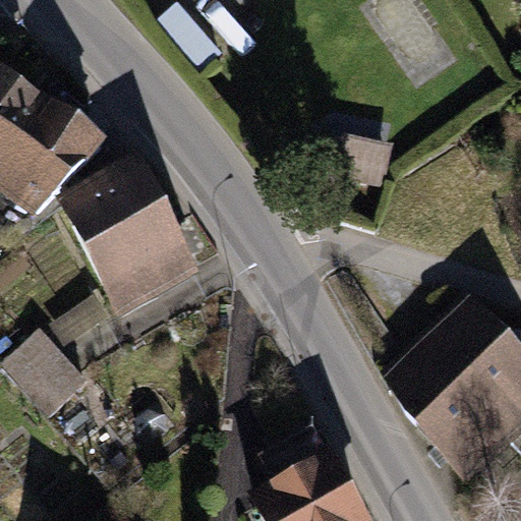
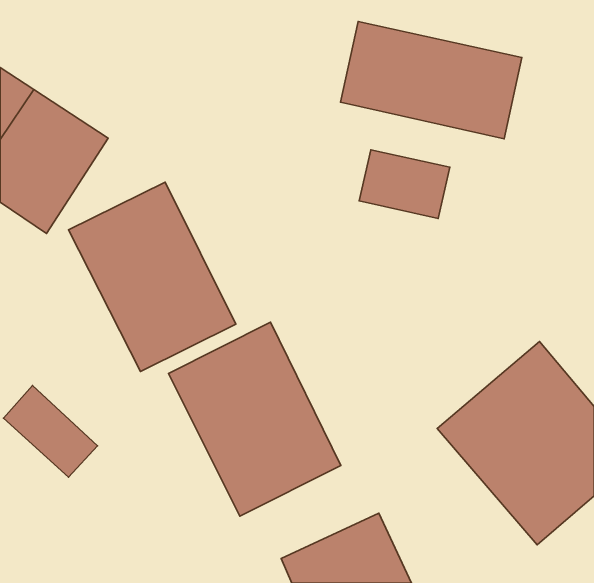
building: none -> [340,22,522,139]
building: none -> [168,322,341,516]

